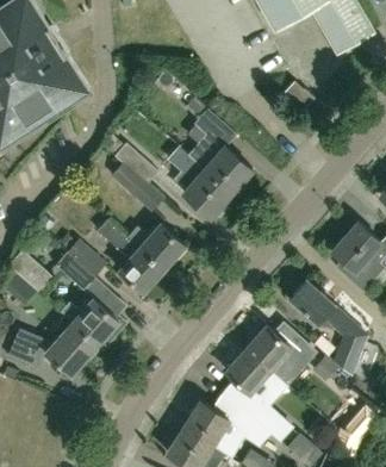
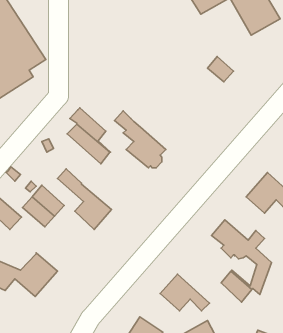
building: [189,108,253,194] -> none
building: [129,223,187,268] -> none
building: [61,299,126,344] -> none
building: [247,325,297,384] -> none

